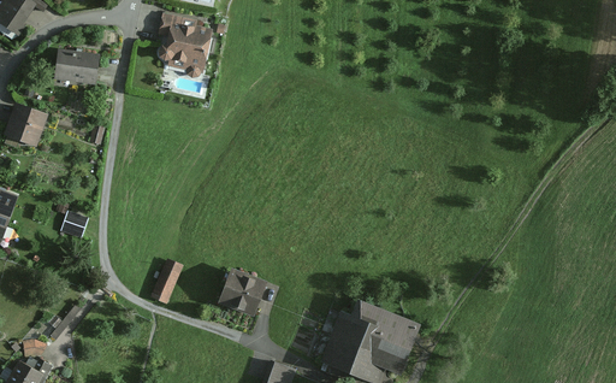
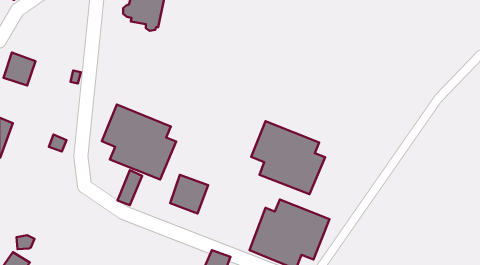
building: [54,49,99,84] -> none
building: none -> [102,105,176,179]
building: none -> [251,121,325,194]

